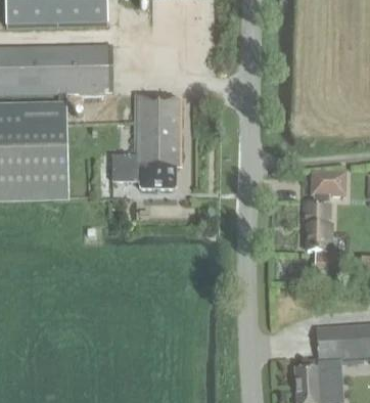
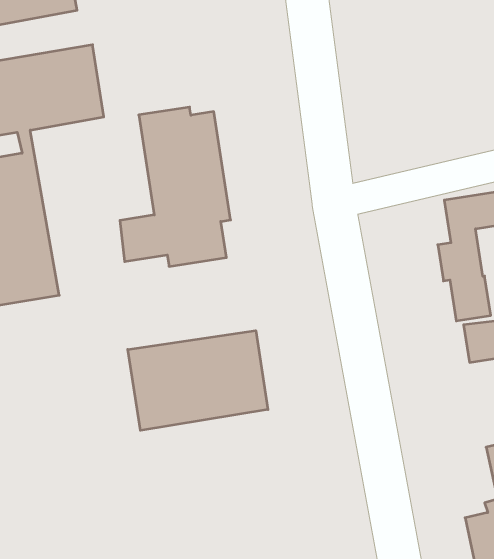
building: none -> [128,331,268,430]

